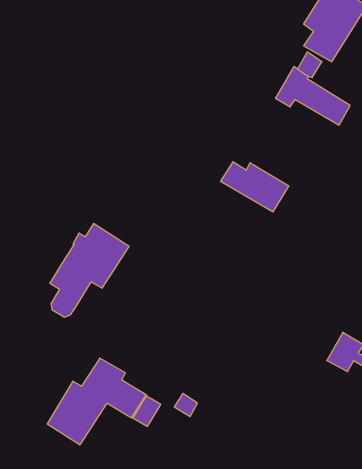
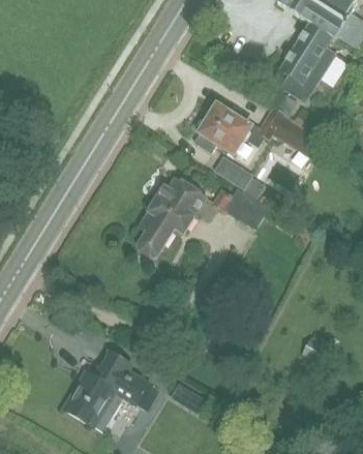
building: none -> [194,105,249,153]
building: none -> [214,156,252,189]
building: [50,223,129,317] -> [139,177,206,256]

